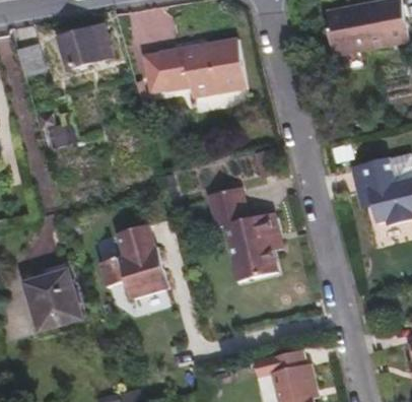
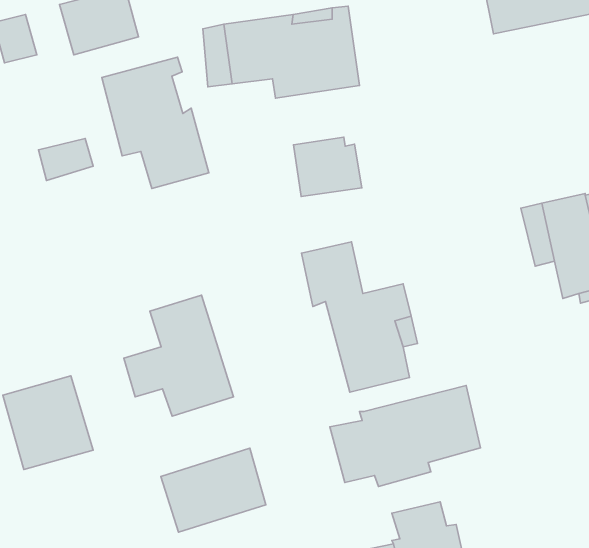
building: none -> [102,57,209,189]
building: none -> [293,137,362,196]
building: none -> [330,386,481,486]
building: none -> [161,448,266,532]

